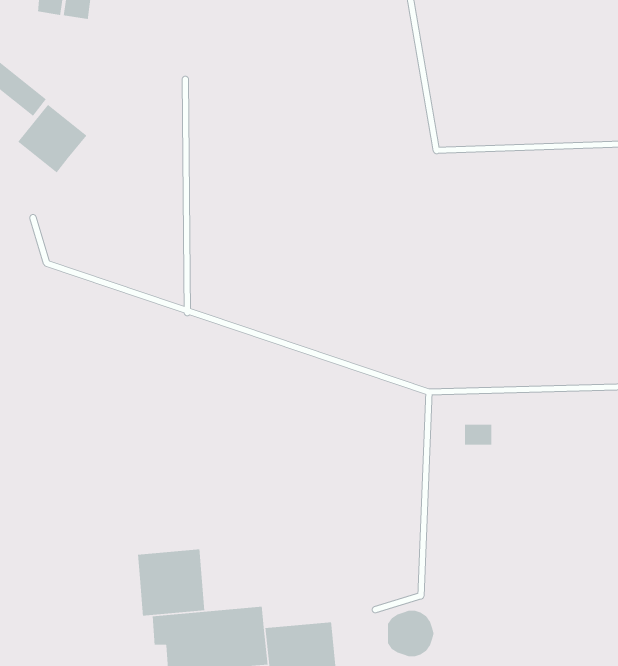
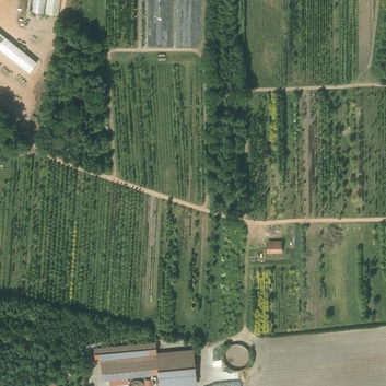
building: [17,104,87,173] -> none
building: [137,549,205,617] -> none

